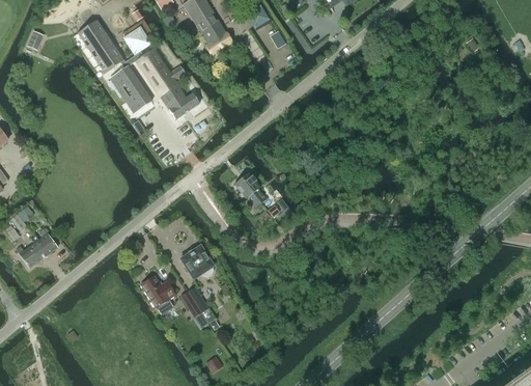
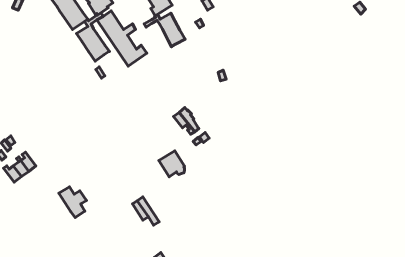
building: none -> [144,13,185,47]
building: [179,245,213,278] -> [159,151,185,177]
building: [140,275,175,314] -> [59,187,86,218]

